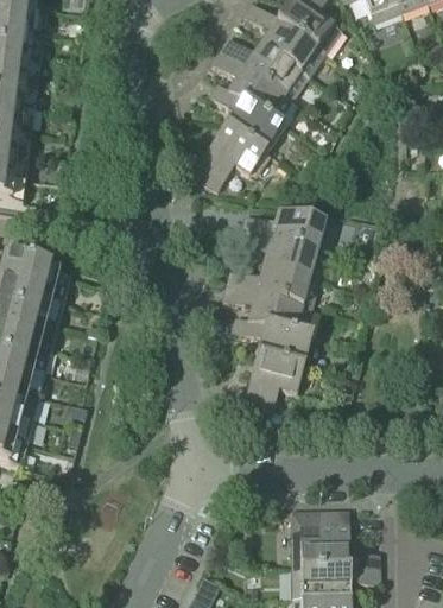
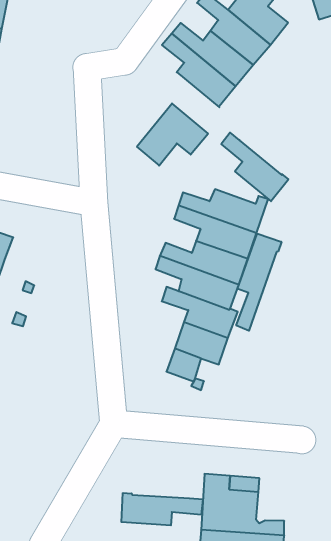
building: [210,82,284,151] -> [221,133,288,201]
building: none -> [236,234,281,331]
building: none -> [121,493,203,525]

